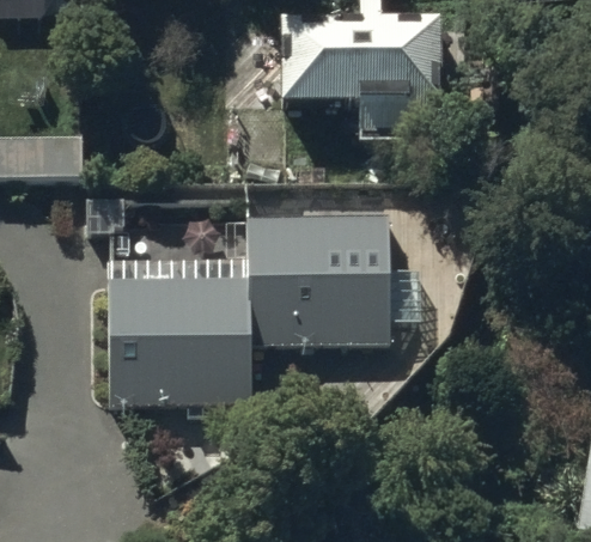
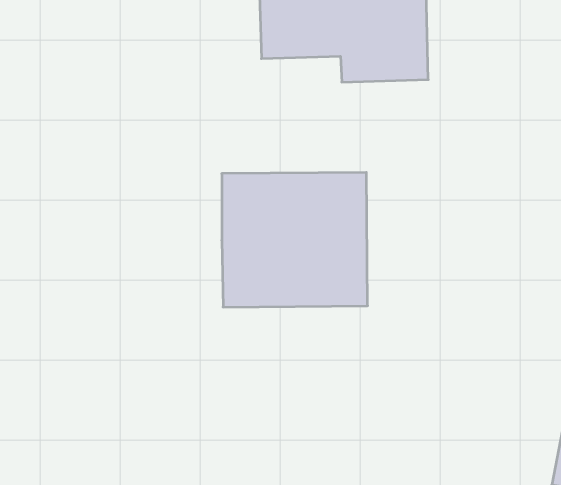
building: [108,280,249,397] -> none

